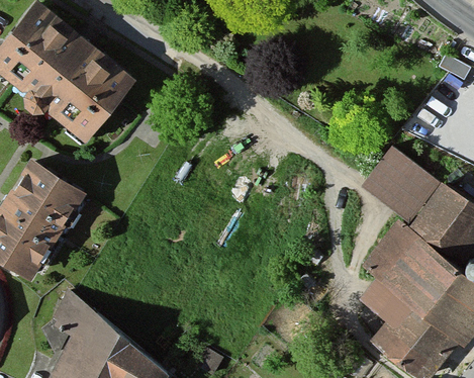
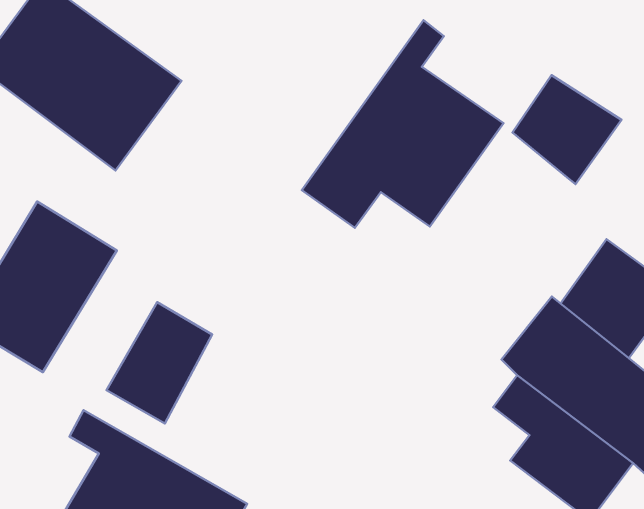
building: none -> [302,20,503,228]
building: [361,149,440,227] -> [512,75,621,184]
building: none -> [107,302,212,424]

